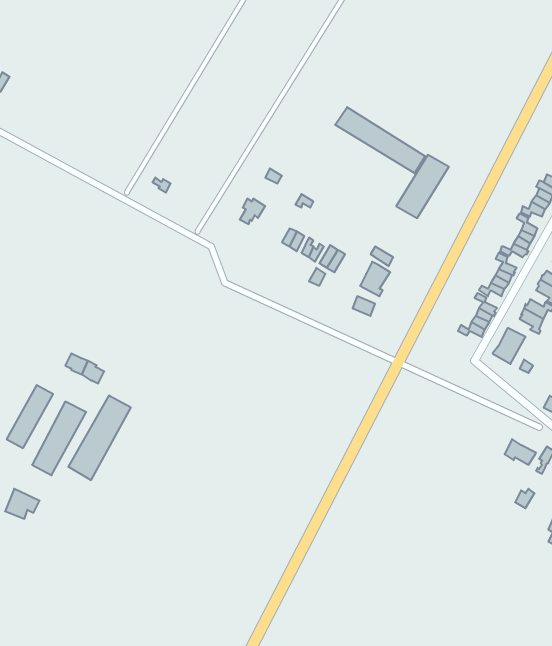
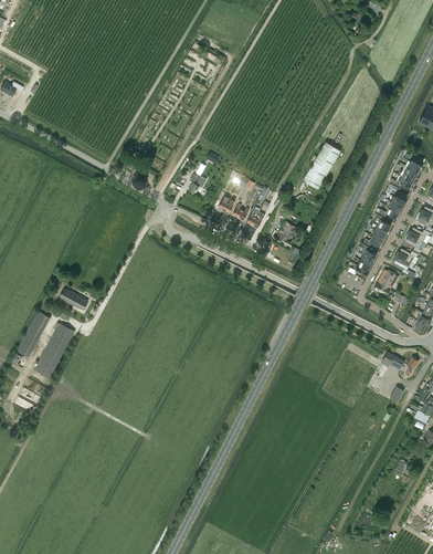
building: [335,107,425,173] -> none
building: [68,395,131,480] -> none

